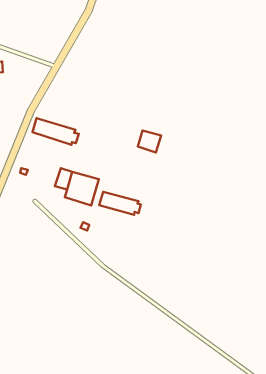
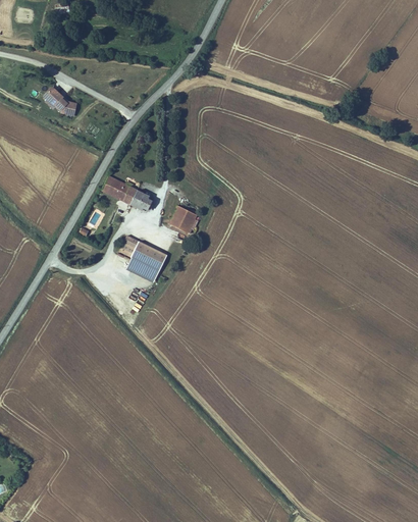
building: [138,131,161,153] -> [169,206,198,233]
building: [99,192,141,215] -> none

